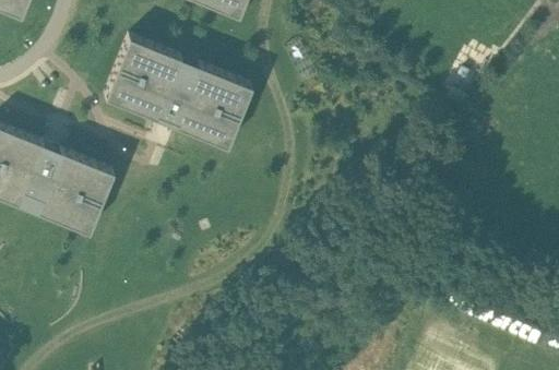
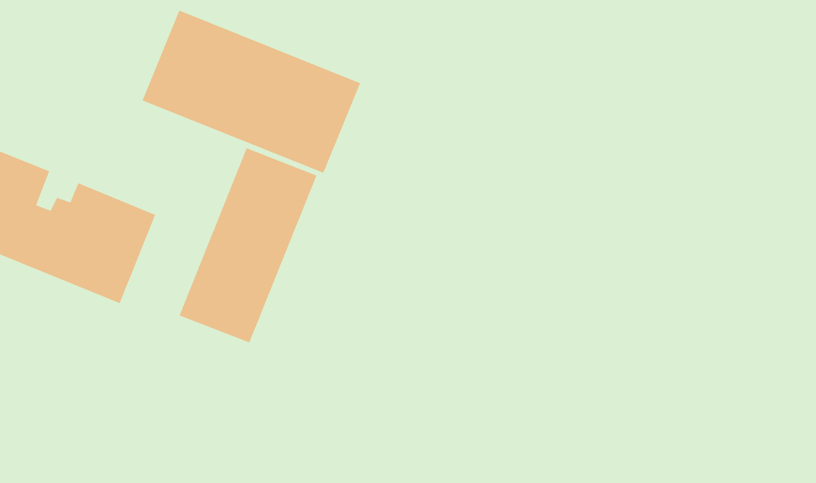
building: none -> [178,147,318,344]

